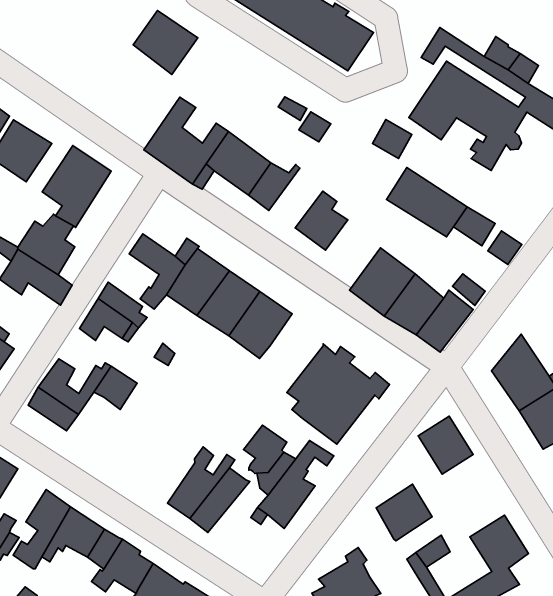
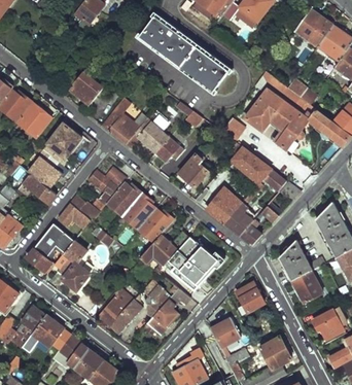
building: [133,11,198,74] -> [68,71,103,106]
building: none -> [140,232,188,272]
building: none -> [57,256,90,289]

